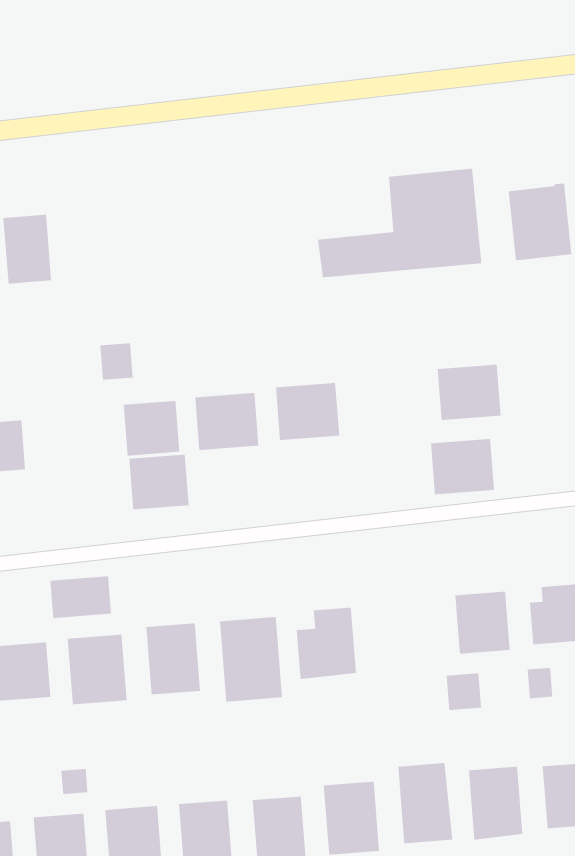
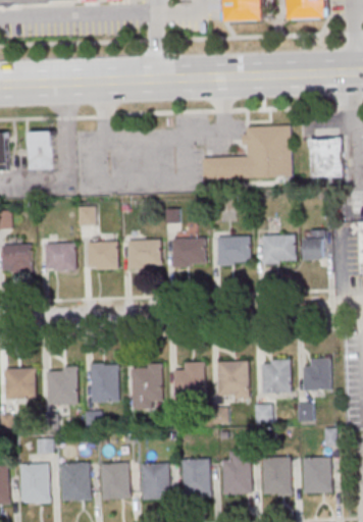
building: none -> [304,229,326,259]
building: [430,439,495,495] -> [217,237,251,265]
building: [128,454,190,510] -> [45,243,76,271]
building: [50,575,111,619] -> none
building: none -> [217,361,249,398]

